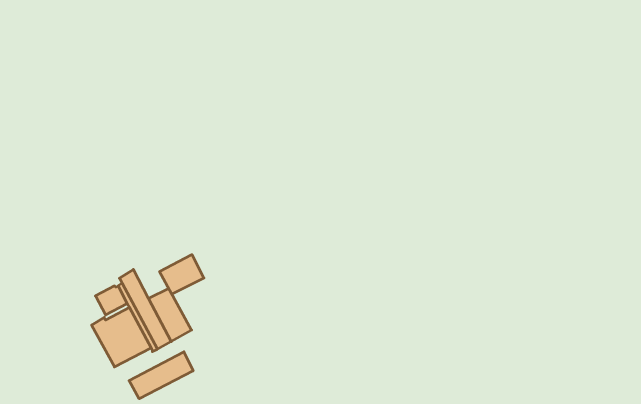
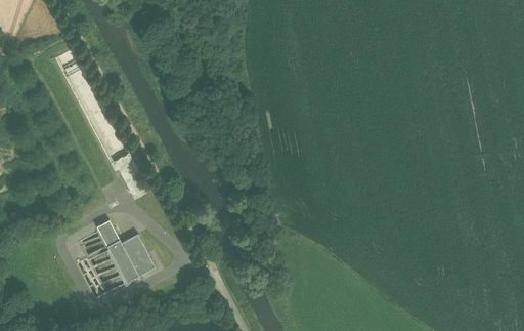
building: [160,255,204,294] -> none
building: [129,352,193,399] -> none

